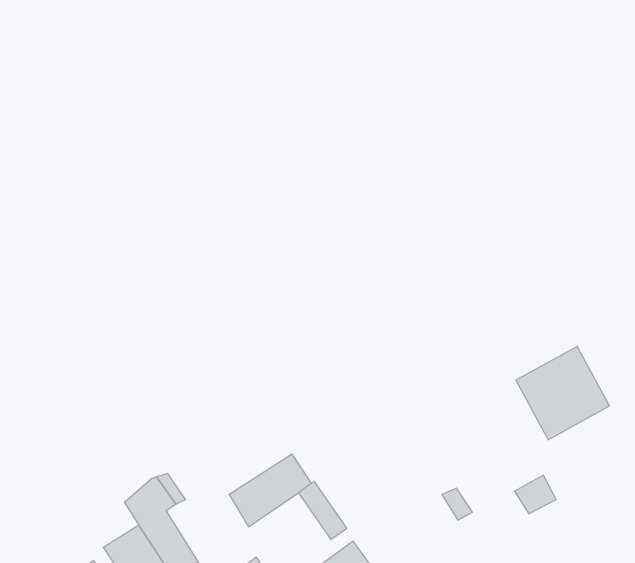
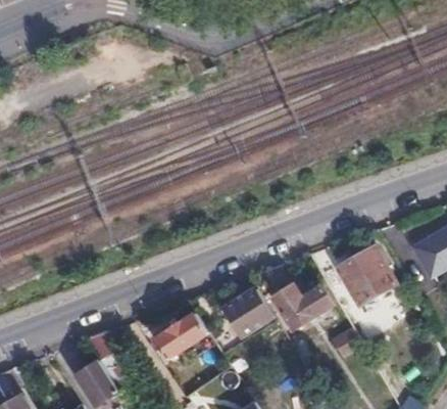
building: none -> [274,286,331,329]
building: none -> [232,289,275,337]

